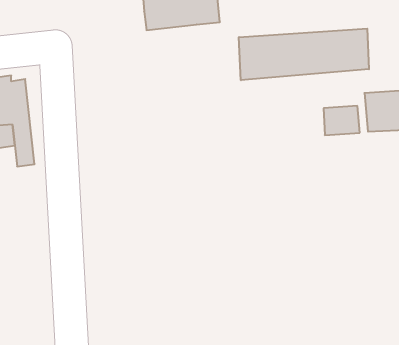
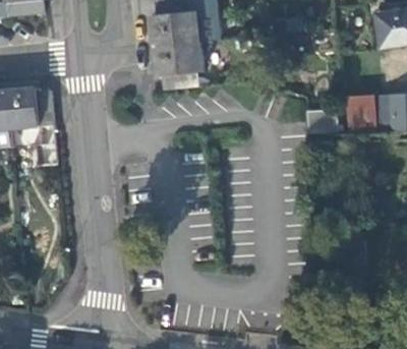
building: none -> [155,37,202,86]
building: [239,29,369,80] -> none

